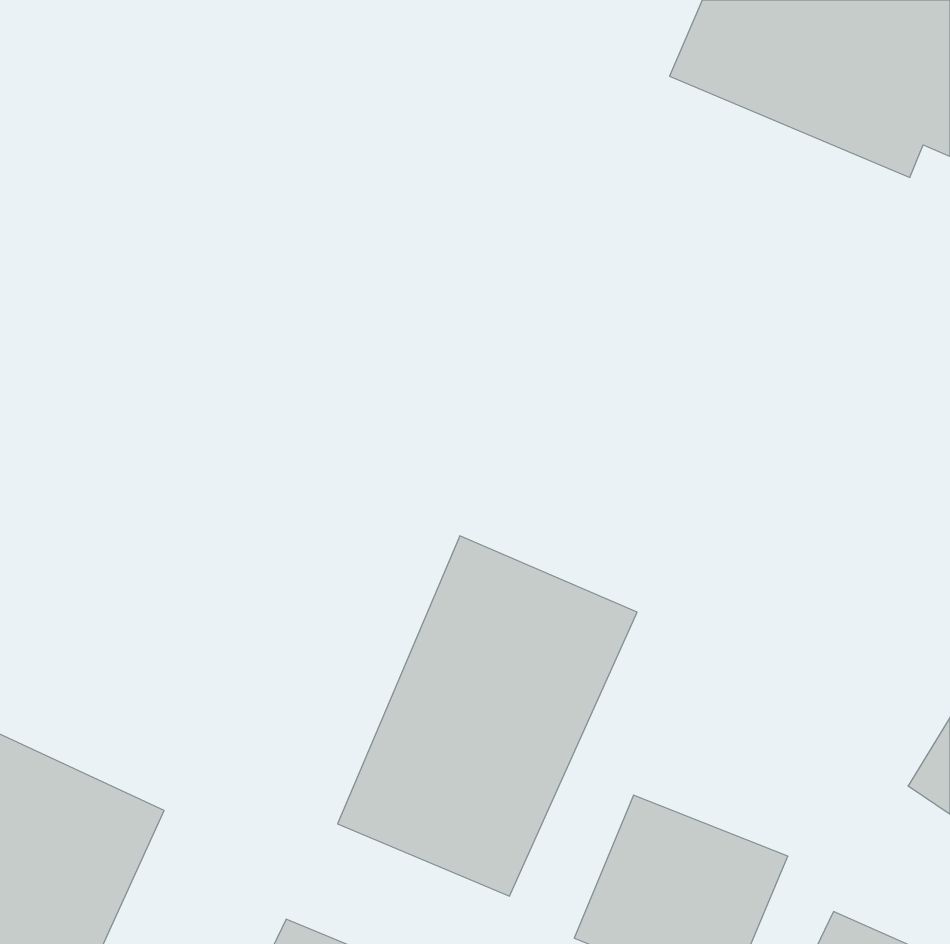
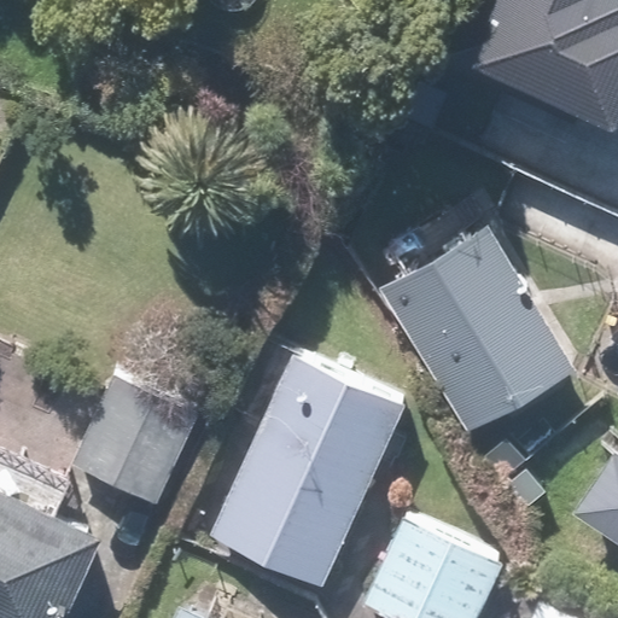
building: none -> [374,211,573,430]
building: none -> [63,368,204,514]

